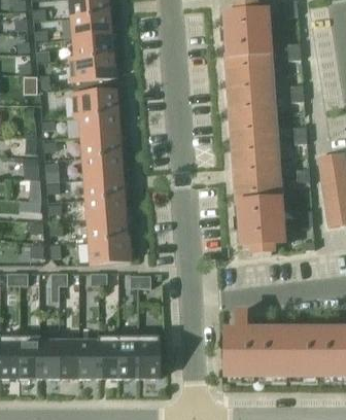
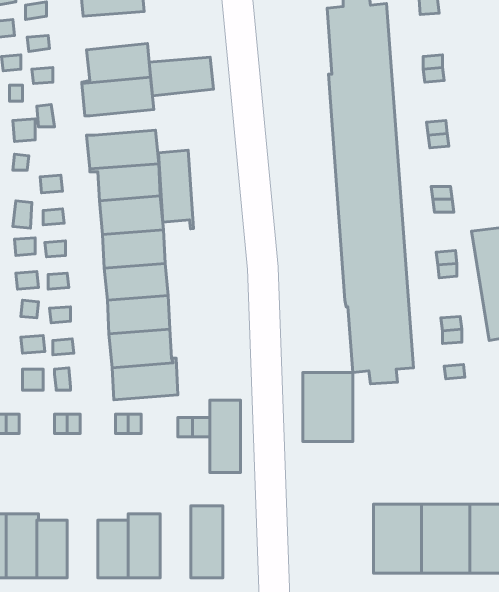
building: [70,13,111,38] -> [149,57,213,96]
building: none -> [158,150,193,229]
building: [224,329,256,374] -> [303,372,353,441]
building: [119,330,139,377] -> [210,400,240,472]
building: [60,340,79,377] -> none

